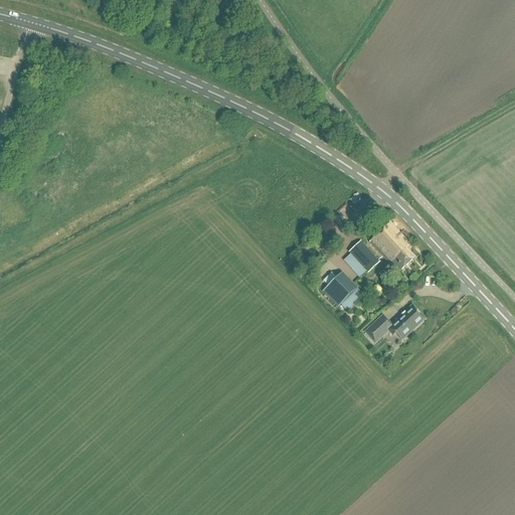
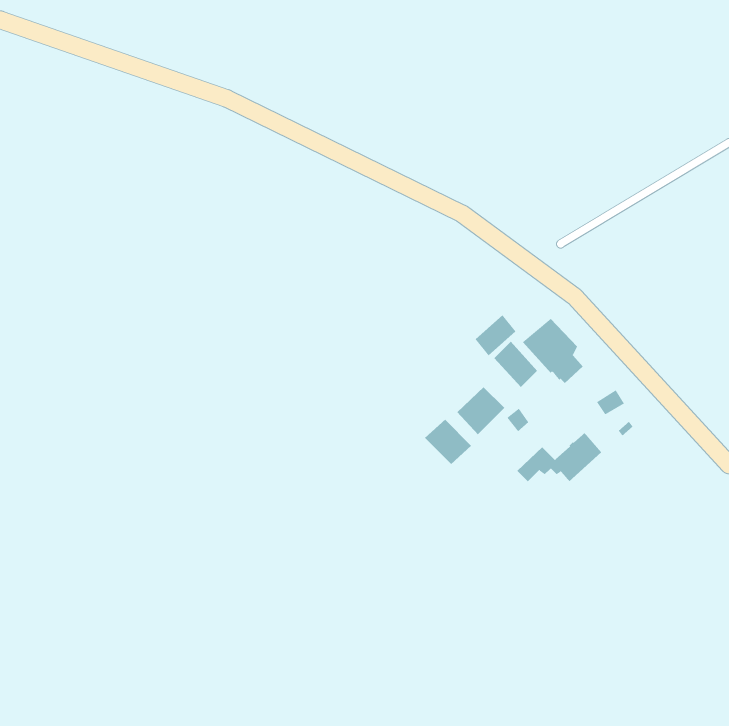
building: none -> [475,314,516,356]
building: none -> [424,419,472,465]

